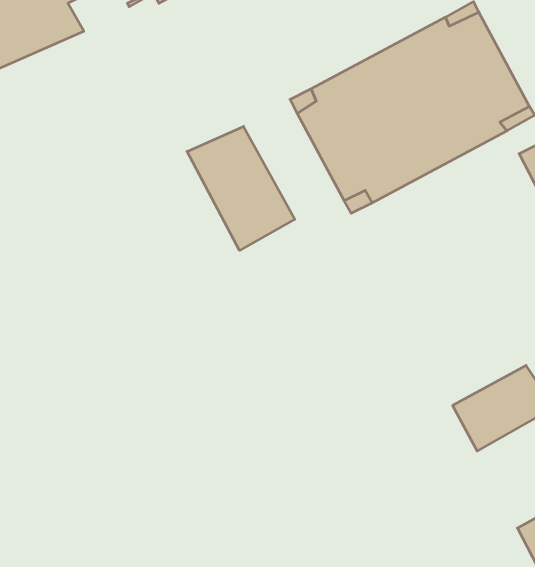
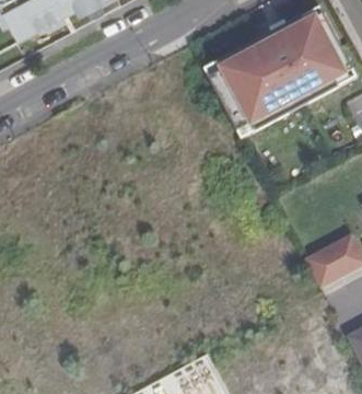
building: [187,126,295,250] -> none

